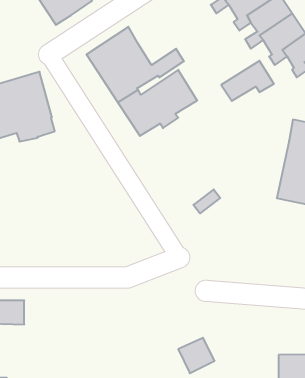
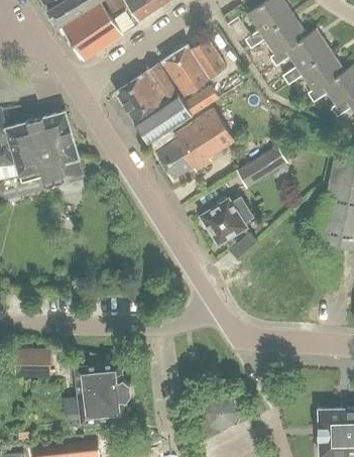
building: none -> [162,39,227,95]
building: [221,61,274,101] -> [238,146,293,189]
building: none -> [200,197,253,244]
building: none -> [76,362,130,422]

